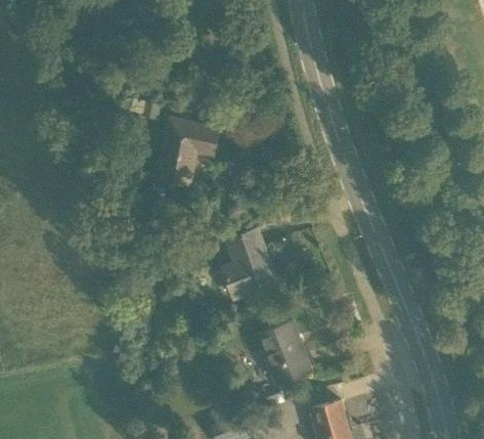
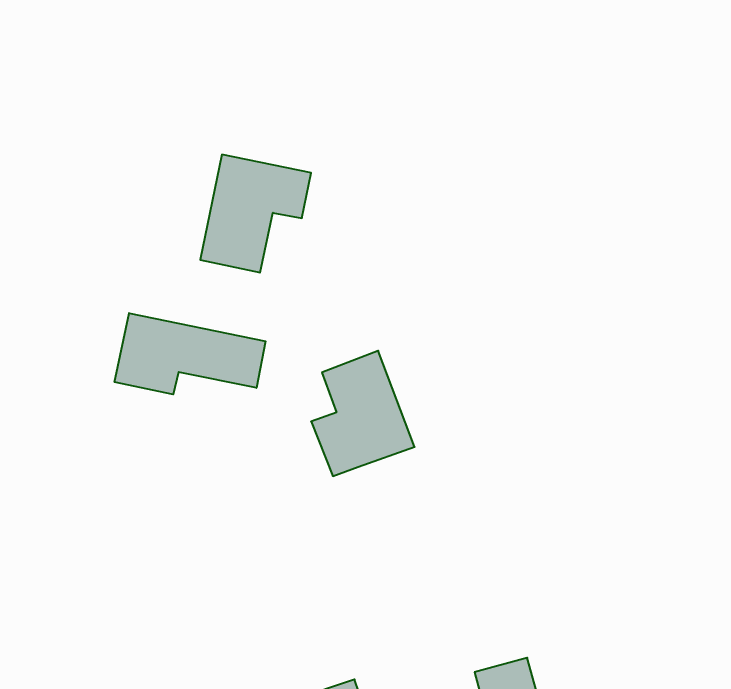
building: none -> [115,313,266,394]
building: [259,322,312,385] -> none

